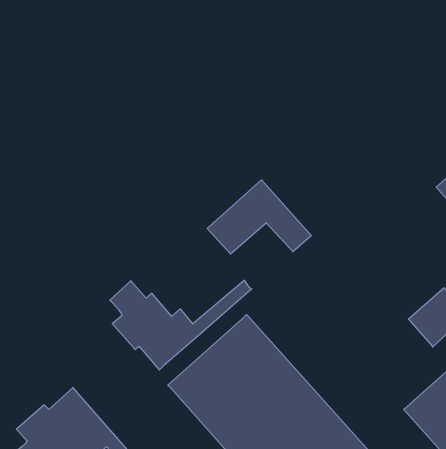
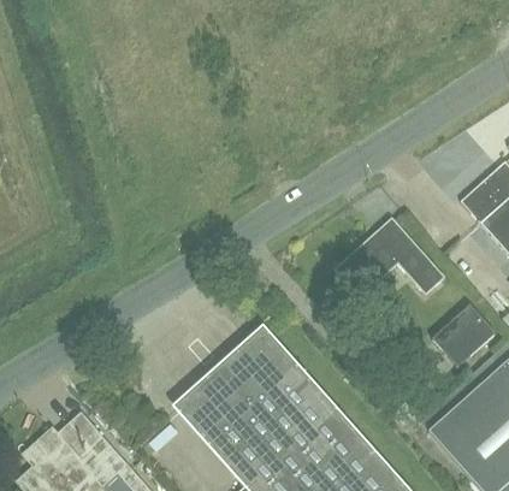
building: [207,180,311,254] -> [336,217,444,294]
building: [110,280,252,370] -> none

